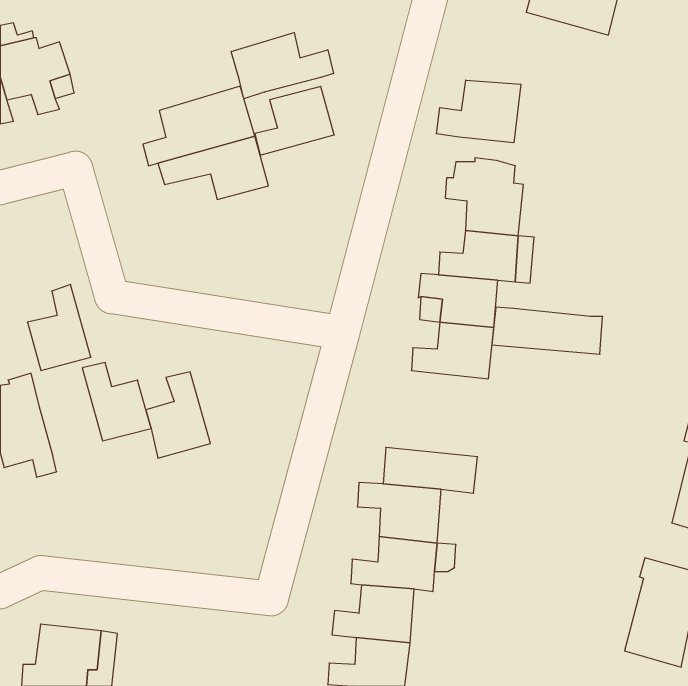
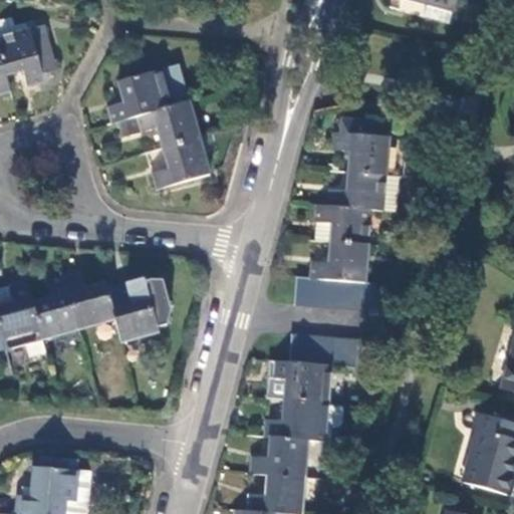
building: [231,33,333,99] -> none
building: [436,80,521,143] -> none
building: [255,86,334,155] -> [152,139,211,190]
building: [27,284,91,371] -> [30,274,77,338]
building: [492,307,603,354] -> [291,275,373,310]

